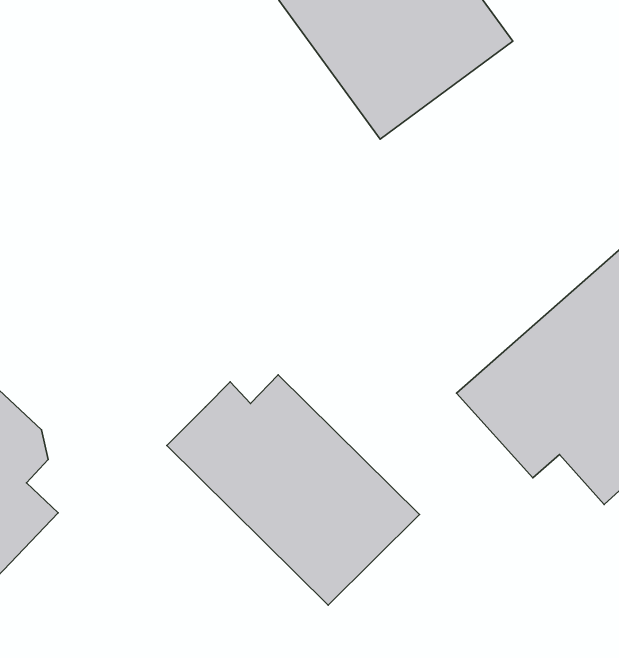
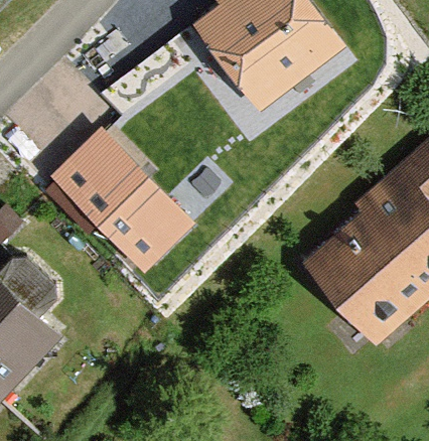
building: none -> [47,127,195,274]
building: [167,375,420,605] -> none

